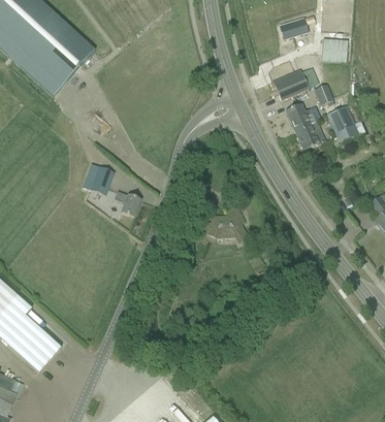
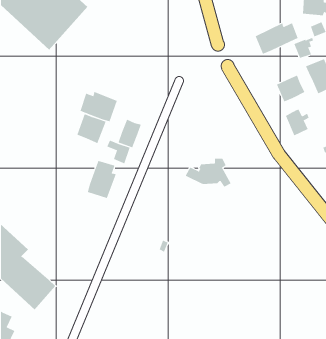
building: [285,102,311,131] -> [285,109,309,136]
building: none -> [80,91,118,122]
building: none -> [118,119,141,148]
building: none -> [87,160,117,199]

